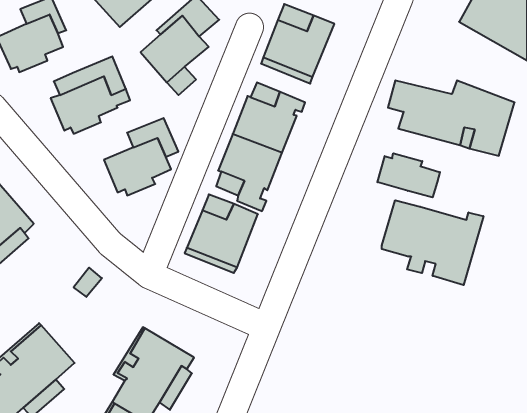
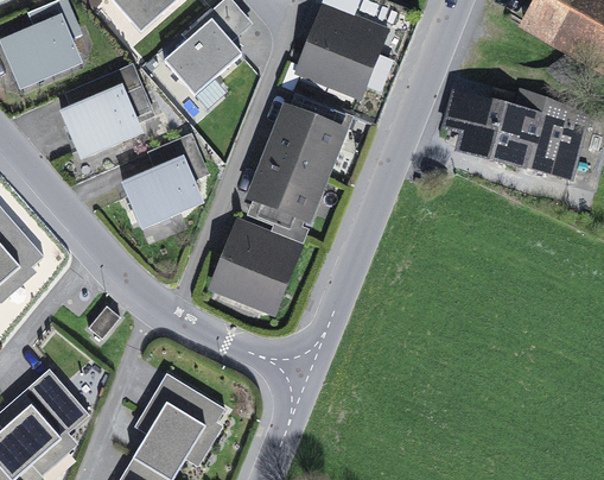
building: [377,153,440,197] -> none
building: [382,200,483,285] -> none

